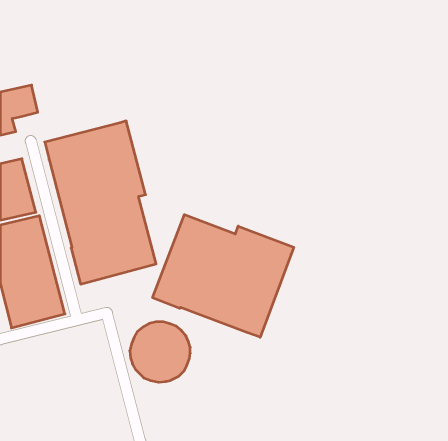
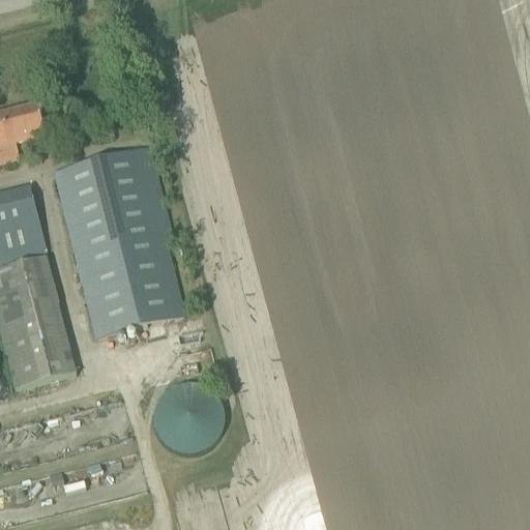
building: [153,215,294,337] -> none

